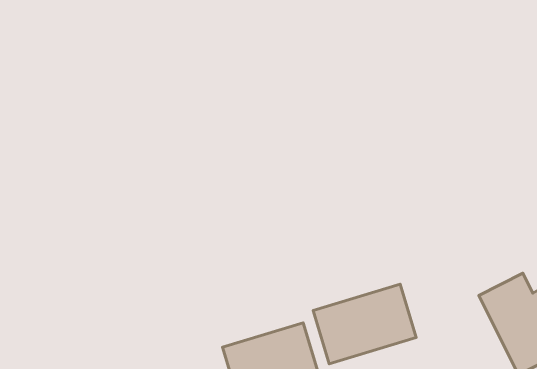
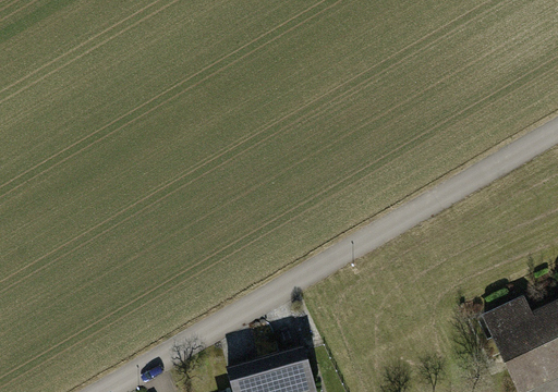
building: [313,284,416,364] -> none

